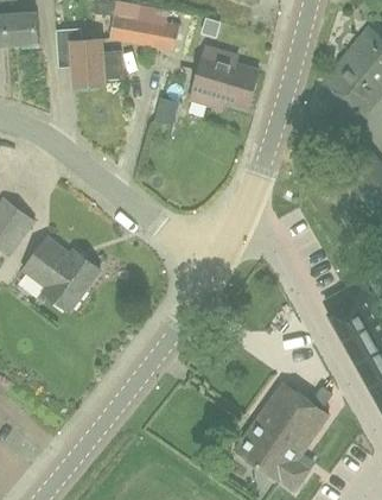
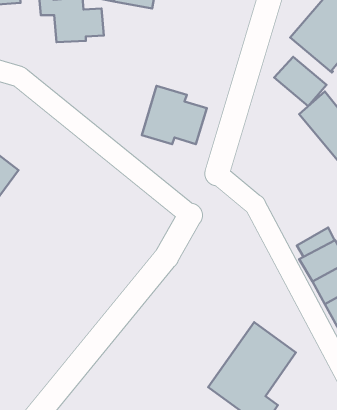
building: [191,46,260,108] -> [142,86,207,144]
building: none -> [274,57,326,106]
building: [23,236,101,312] -> none

